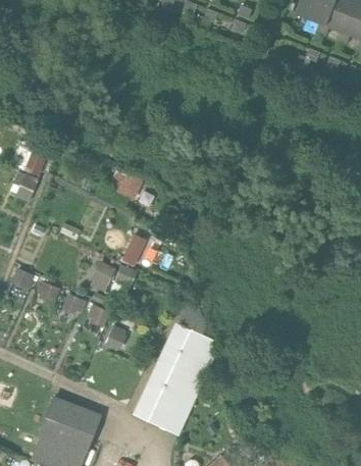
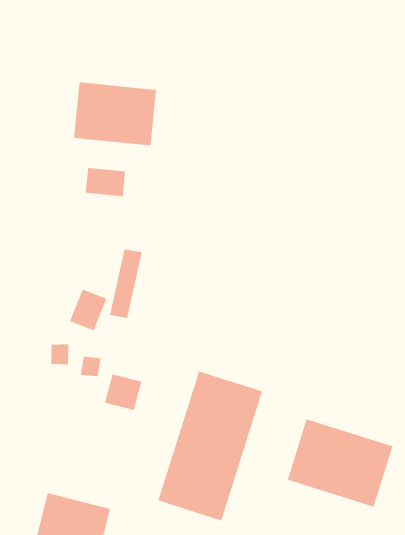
building: none -> [74,82,156,146]
building: none -> [287,418,393,508]

